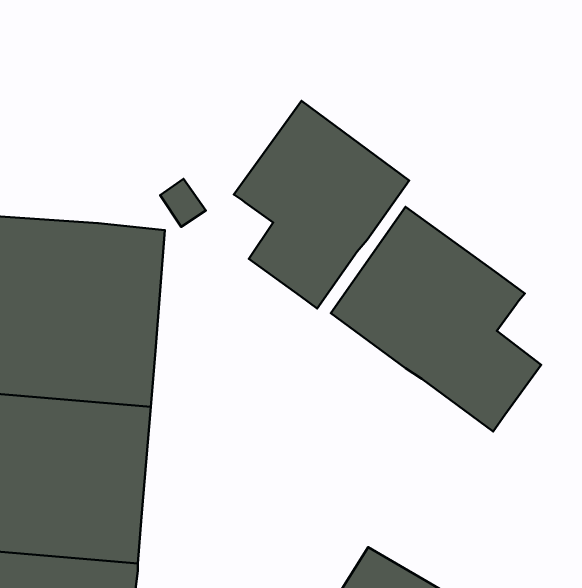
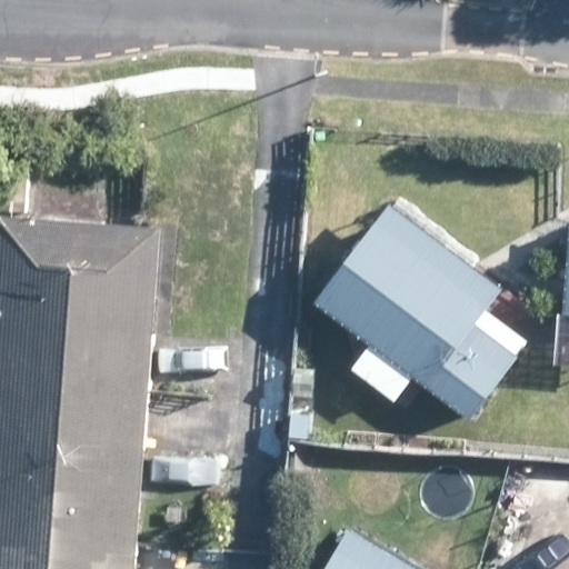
building: [234,101,409,308] -> none

